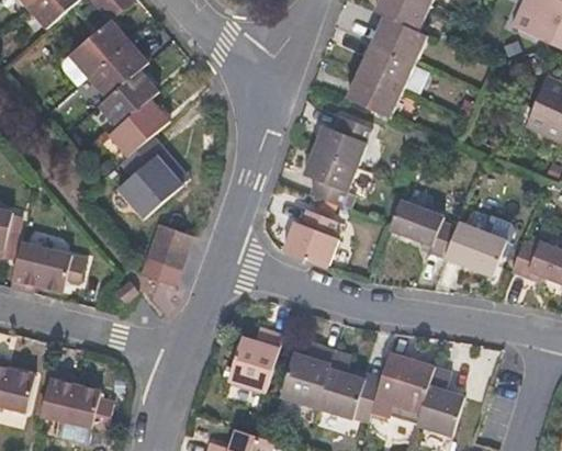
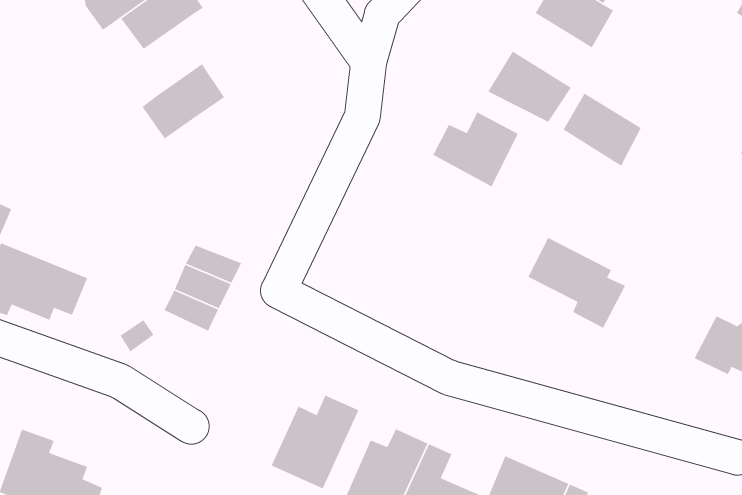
building: [361,41,416,89] -> [563,93,642,167]
building: [95,70,157,129] -> none
building: [116,138,179,218] -> none
building: [305,147,358,204] -> none
building: [285,207,339,264] -> none
building: [447,210,516,272] -> none

